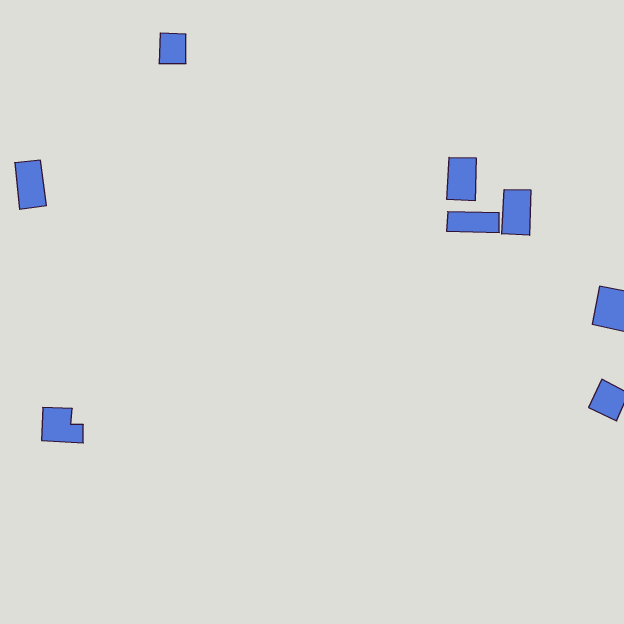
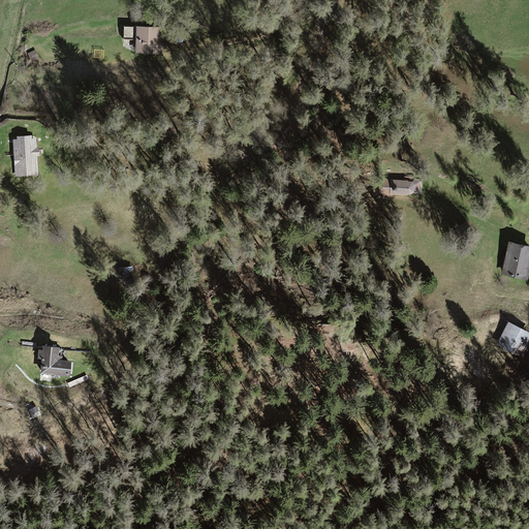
building: [447,157,476,201] -> none
building: [502,190,531,235] -> none

